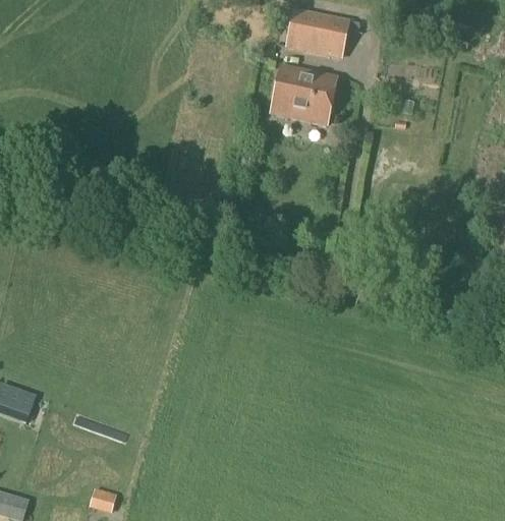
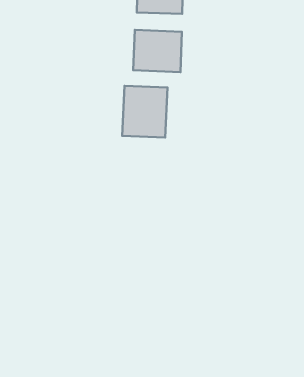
building: none -> [122,86,167,138]

